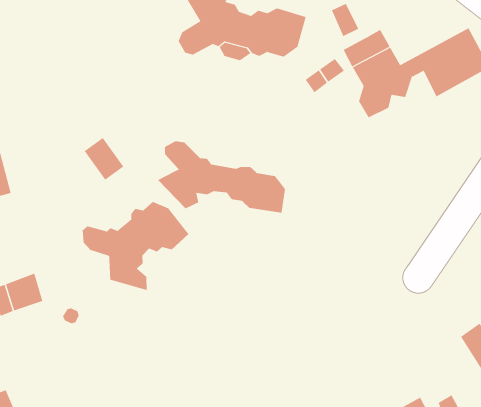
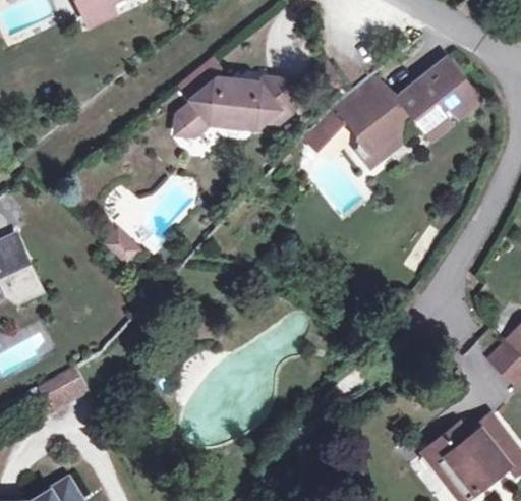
building: [157,141,285,213] -> none
building: [82,201,189,291] -> none

